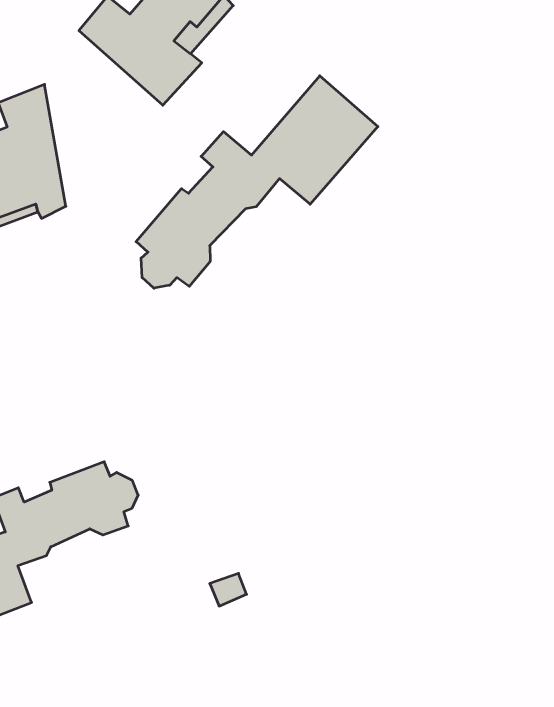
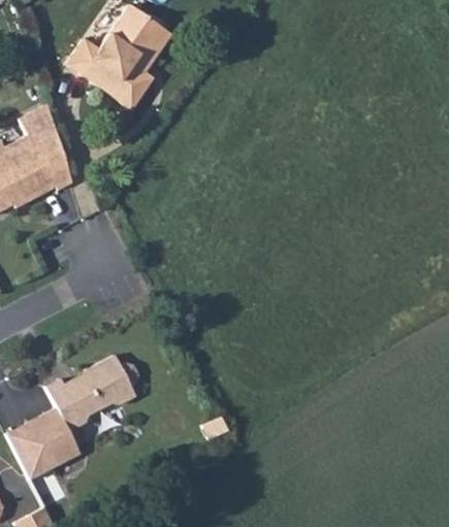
building: [136,76,378,288] -> none

